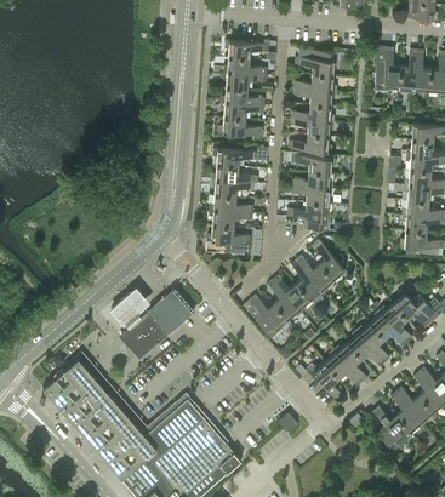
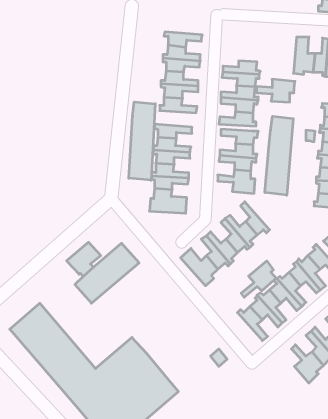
building: [295,50,340,76] -> [257,79,295,102]
building: none -> [129,102,155,180]
building: none -> [265,116,293,195]
building: none -> [241,261,276,297]

